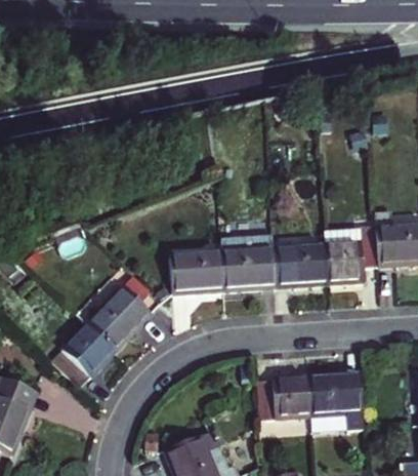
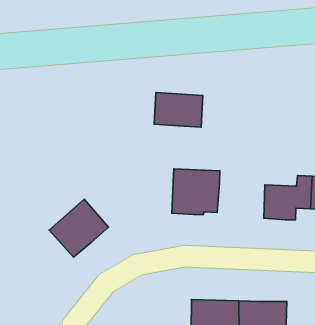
building: [273,244,327,283] -> none
building: [167,251,222,289] -> [154,92,203,127]
building: [50,321,117,389] -> none

